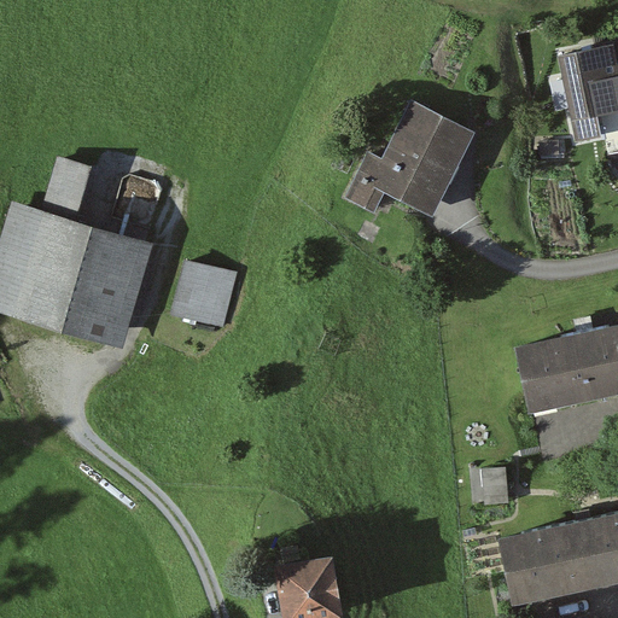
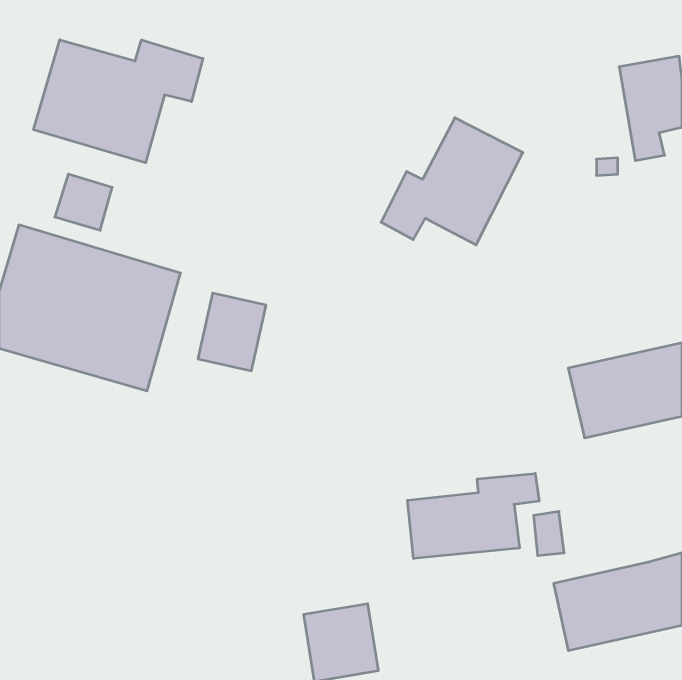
building: none -> [34,40,203,163]
building: none -> [408,473,539,559]

